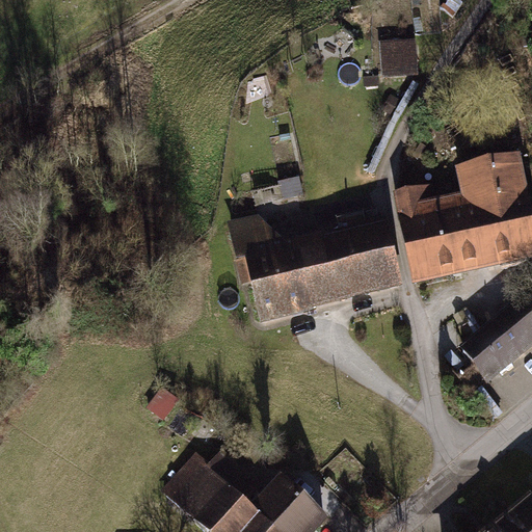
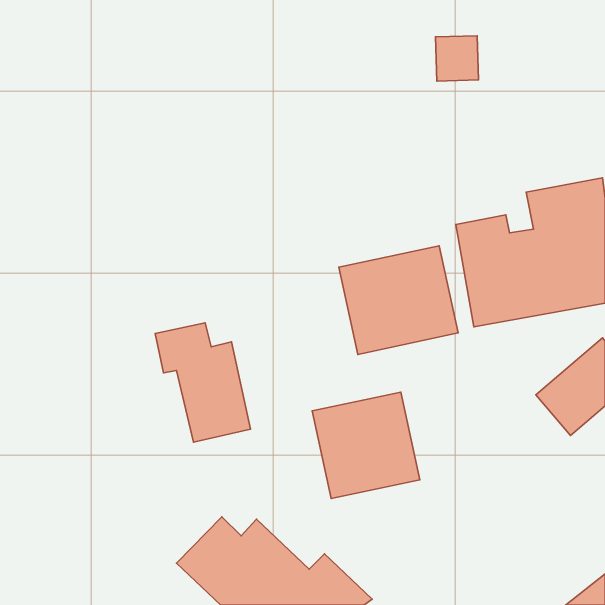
building: [229,216,312,320] -> [155,323,251,442]
building: none -> [312,392,420,498]

